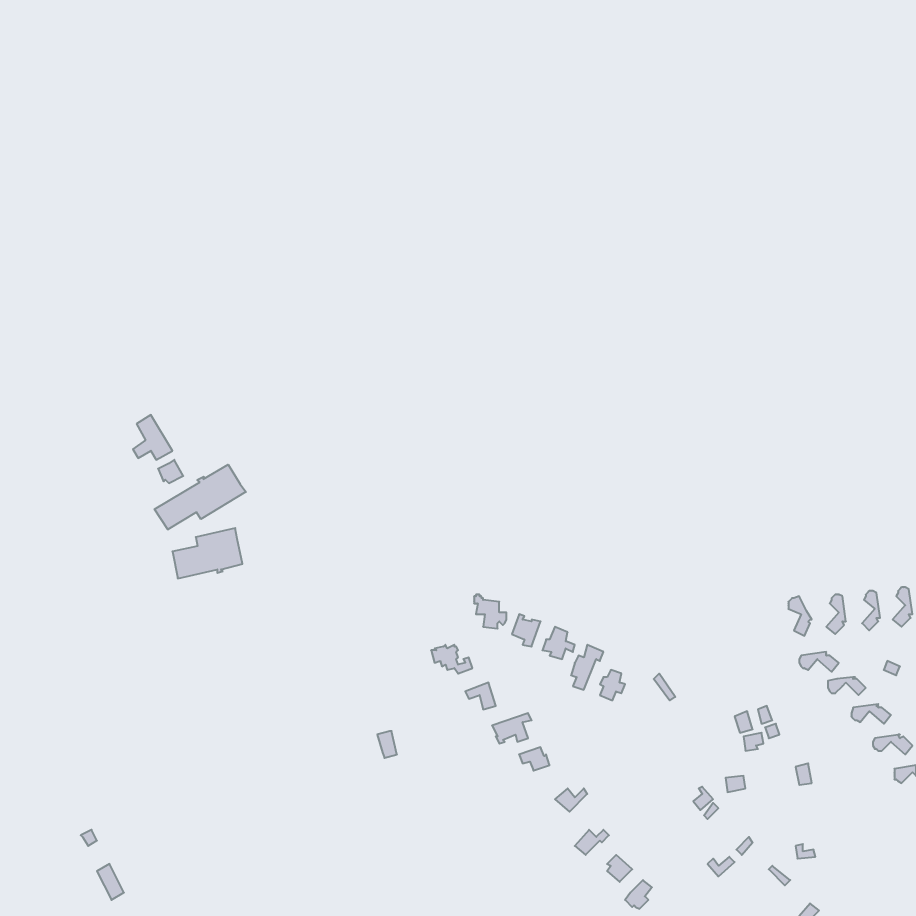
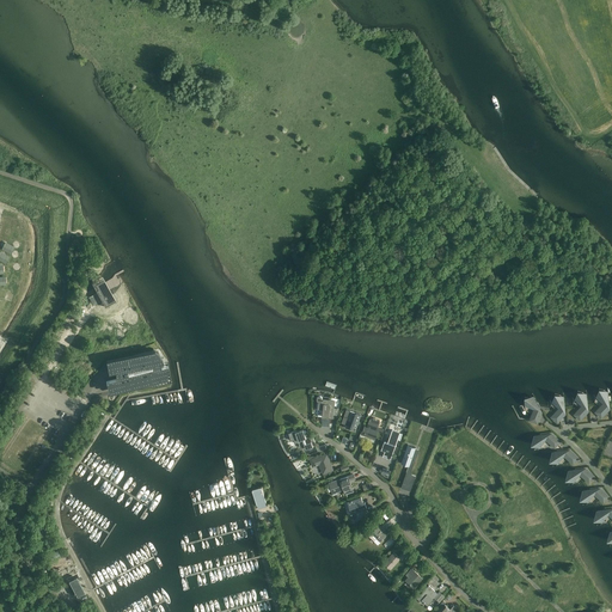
building: [155,465,246,530] -> none

